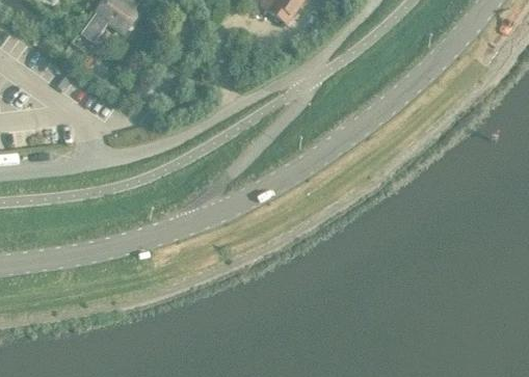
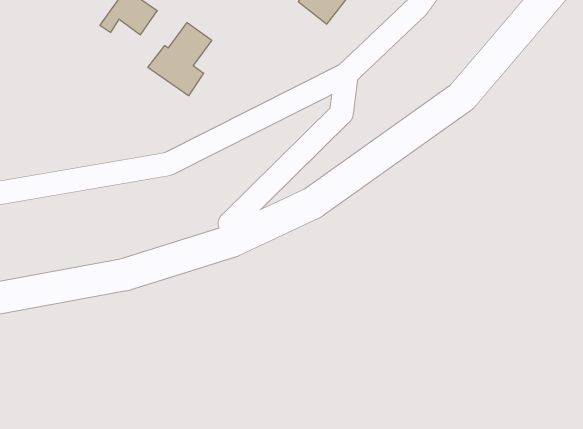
building: none -> [148,23,212,96]

